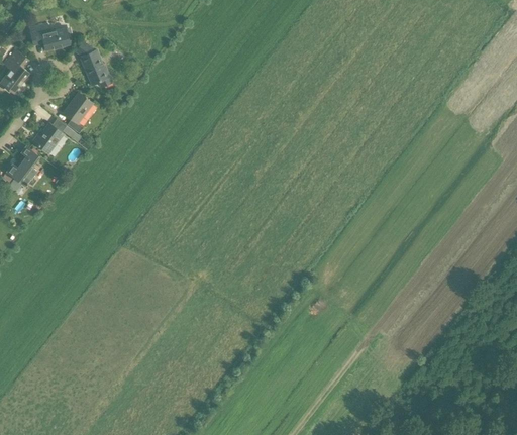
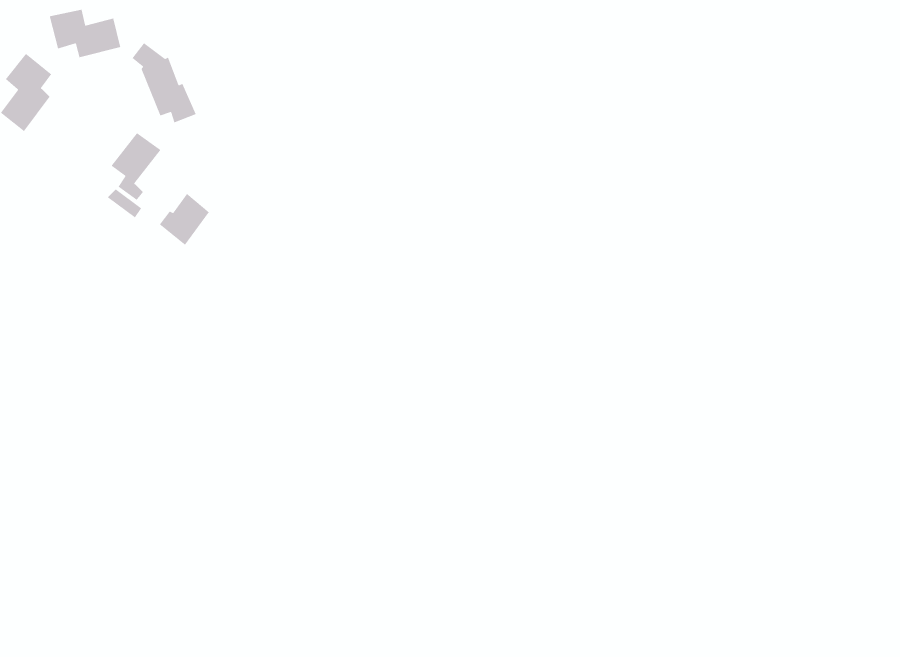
building: [33,122,63,152] -> [159,193,210,246]
building: [7,145,40,189] -> none

